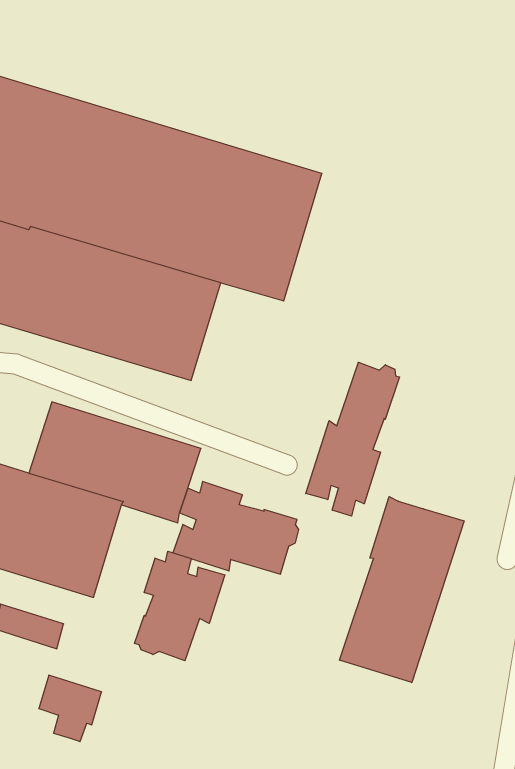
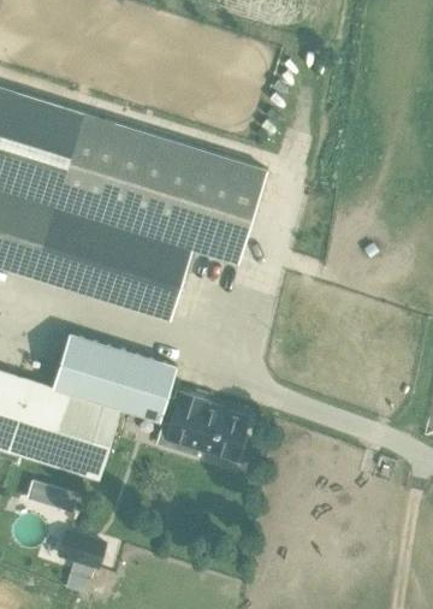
building: [306,362,399,516] -> none
building: [340,497,464,683] -> none
building: [134,551,225,661] -> none

